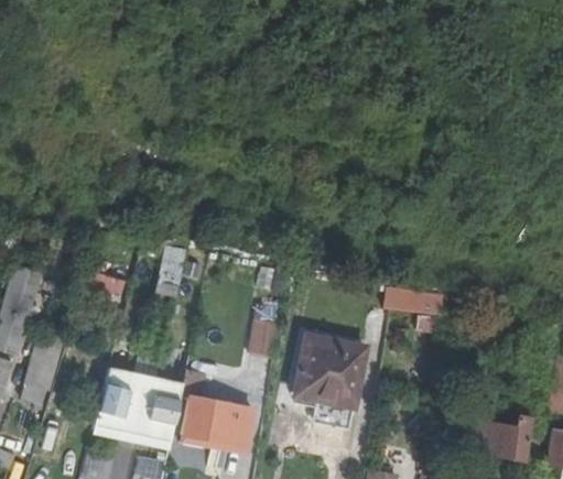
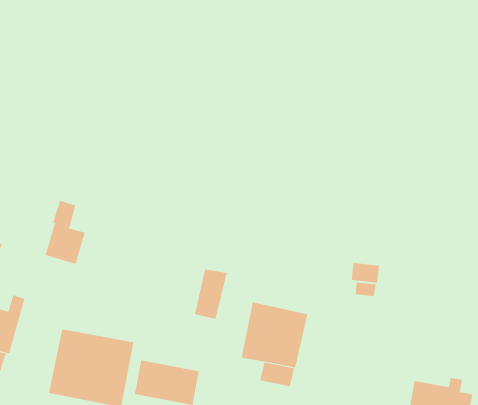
building: [156,243,184,294] -> none

